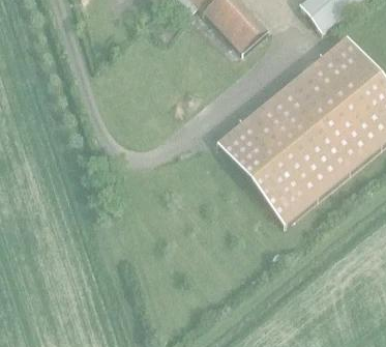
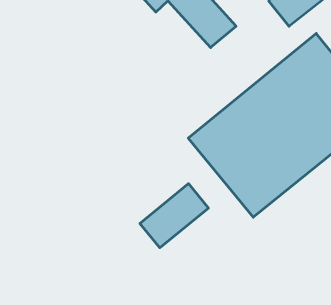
building: none -> [140,184,208,248]

